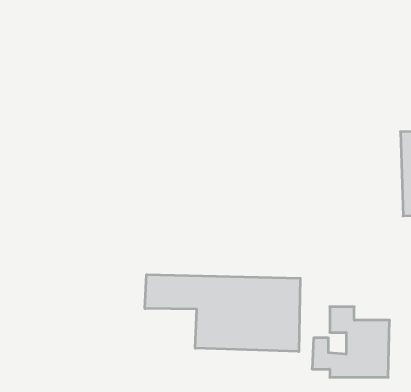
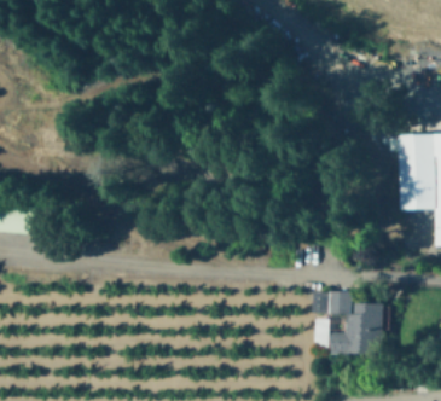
building: [145,275,300,352] -> none

